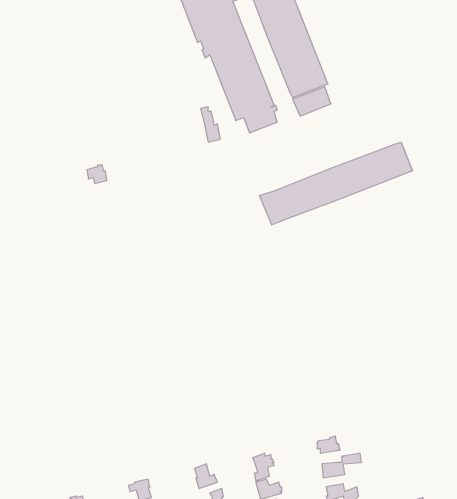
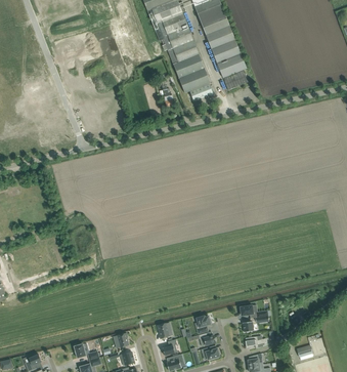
building: [260,142,412,225] -> none

